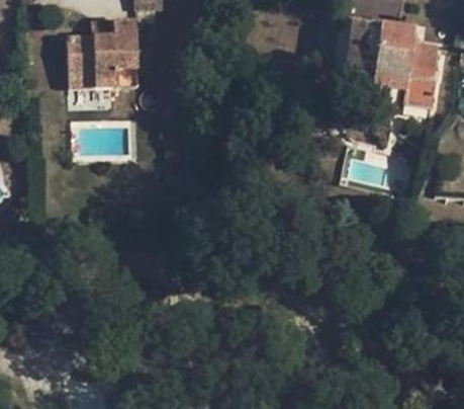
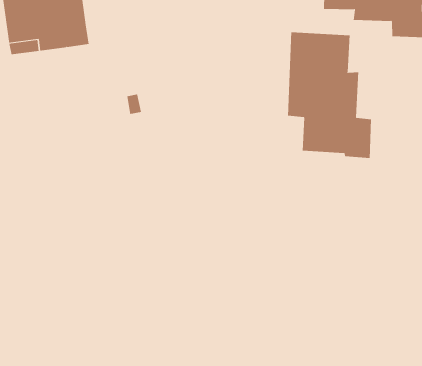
building: none -> [288,32,372,159]

